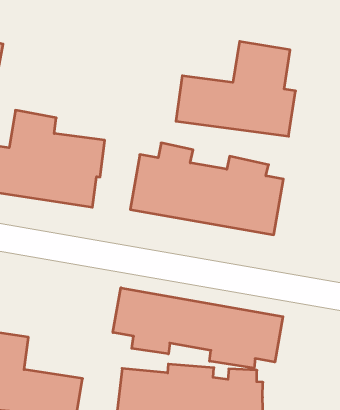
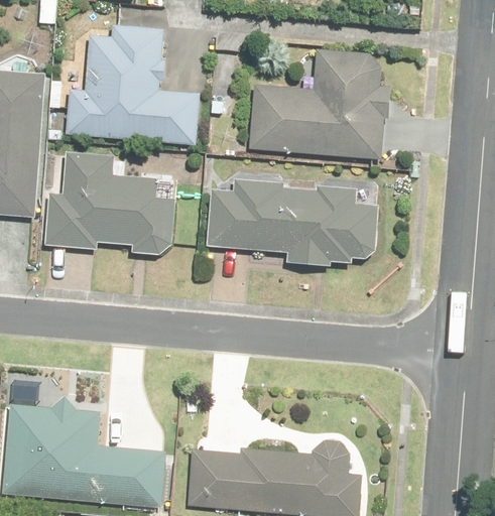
building: none -> [52,29,180,146]
building: [113,288,283,368] -> none

